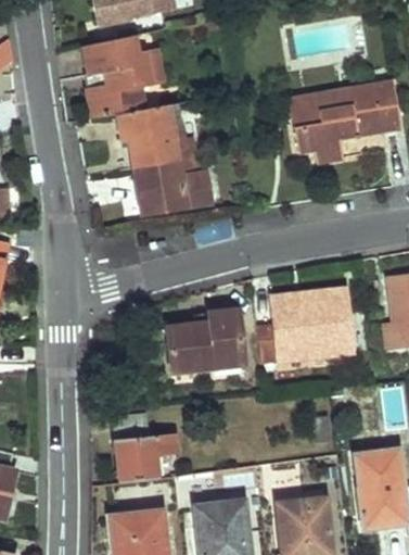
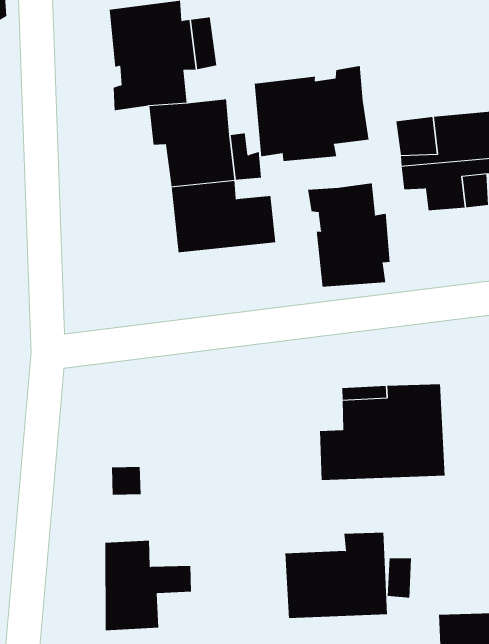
building: none -> [254,65,369,162]
building: none -> [308,183,390,288]
building: [167,312,243,378] -> [285,532,388,618]

